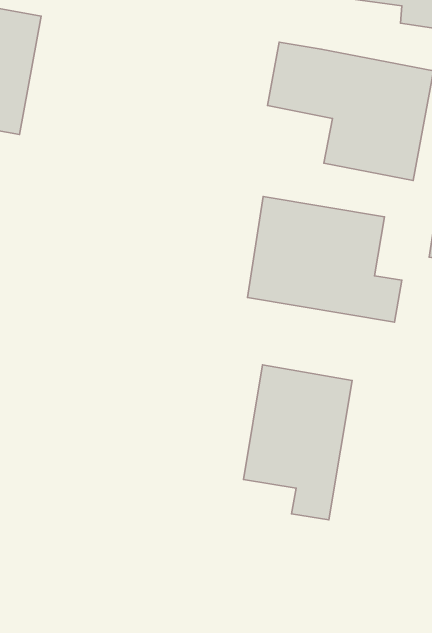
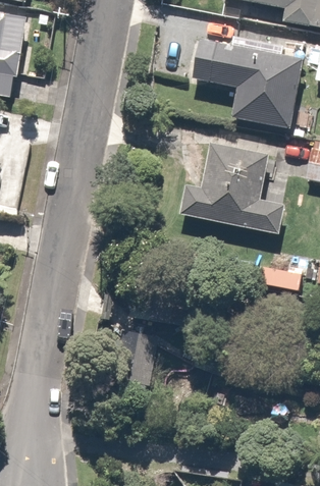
building: [244,365,352,520] -> none

